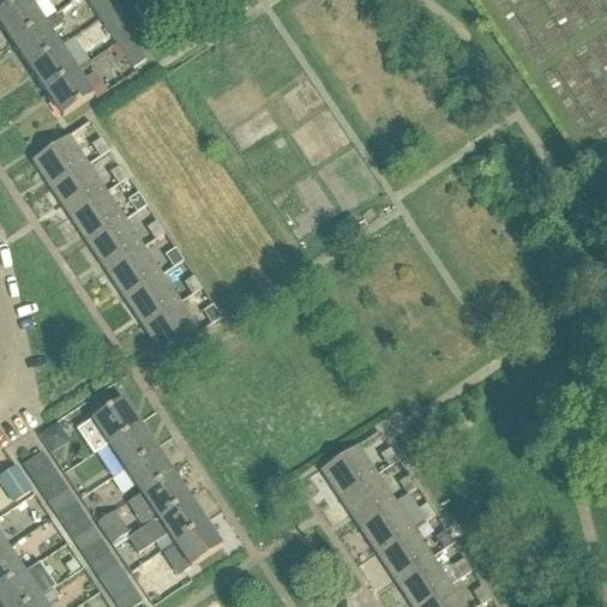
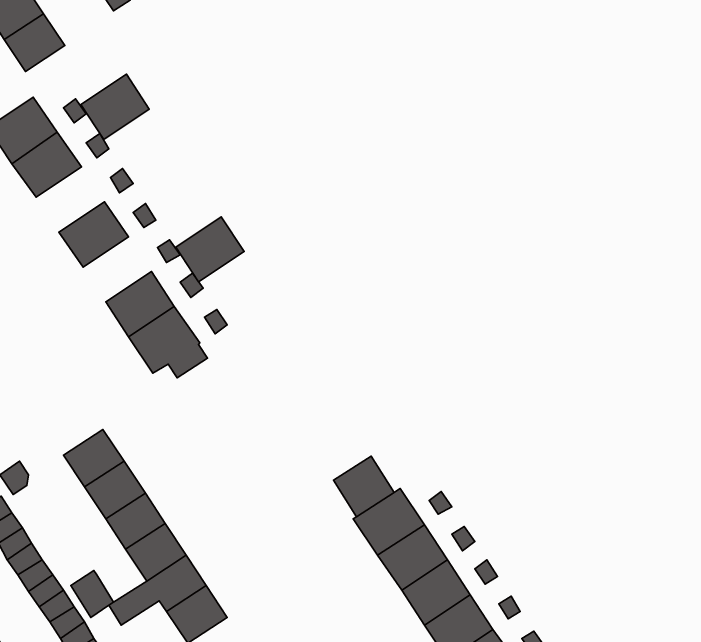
building: [70,188,124,240] -> [81,74,149,140]
building: [107,244,161,295] -> [176,217,244,282]
building: none -> [333,456,394,517]

